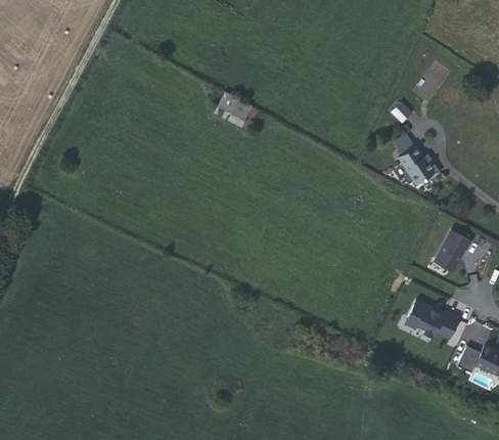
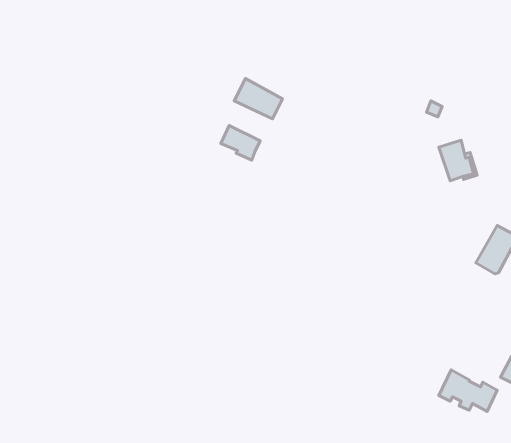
building: none -> [221,125,260,160]
building: [405,299,458,337] -> [439,370,497,411]

